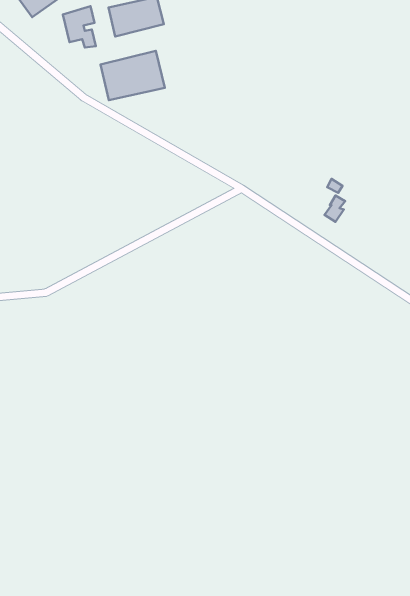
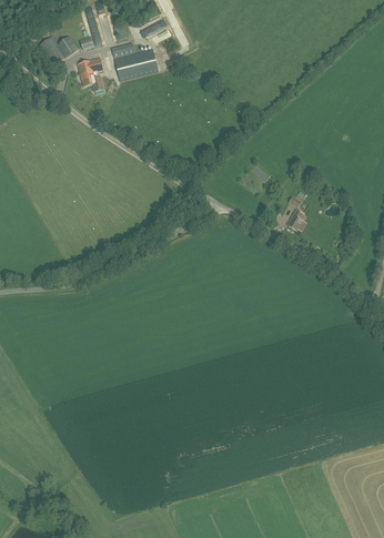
building: [101,51,165,100] -> none

